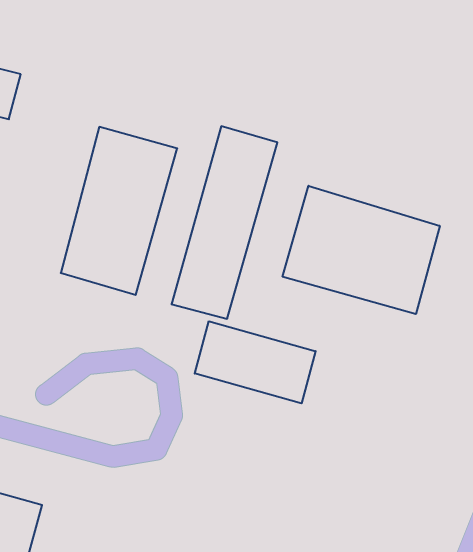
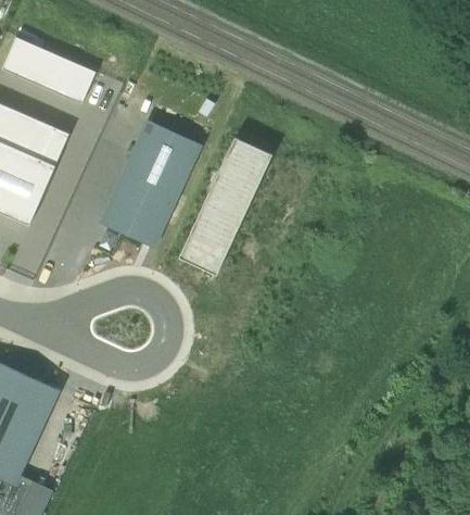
building: [283,186,440,314] -> none
building: [195,321,316,403] -> none

